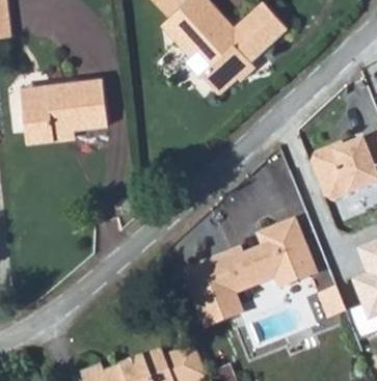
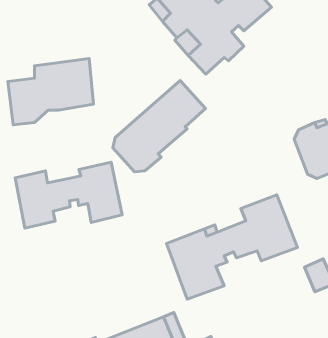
building: none -> [113,80,206,172]
building: none -> [15,162,122,228]

